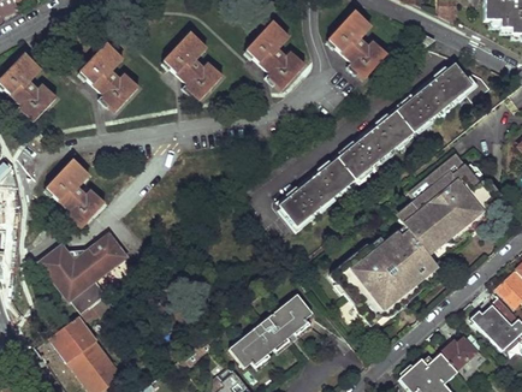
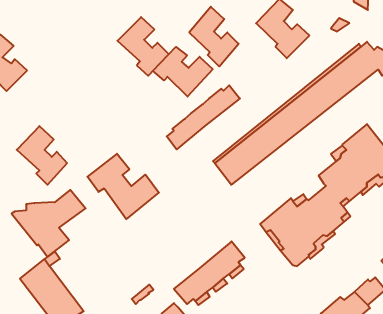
building: [79,42,138,112] -> none
building: none -> [153,47,213,97]
building: none -> [167,85,240,149]
building: none -> [87,154,159,219]

